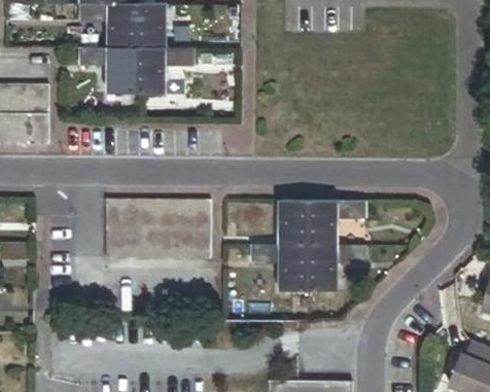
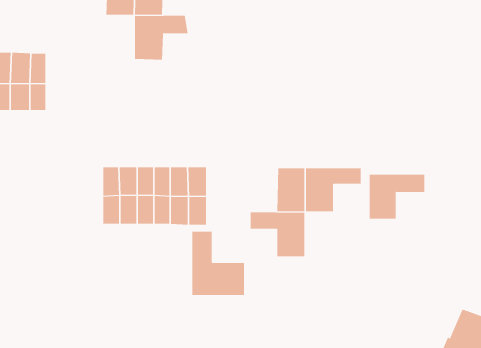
building: [79,47,136,92] -> none
building: [308,245,364,290] -> [369,174,425,219]
building: none -> [192,231,245,296]

